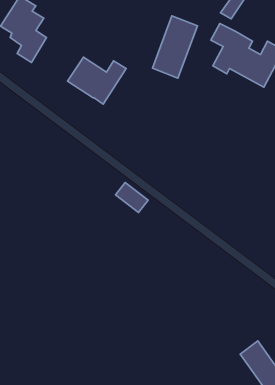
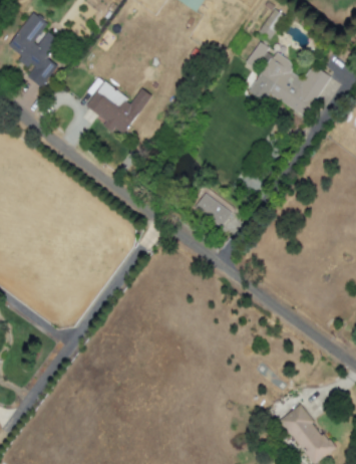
building: [152,16,197,78] -> none
building: [116,182,148,213] -> [194,193,231,227]

